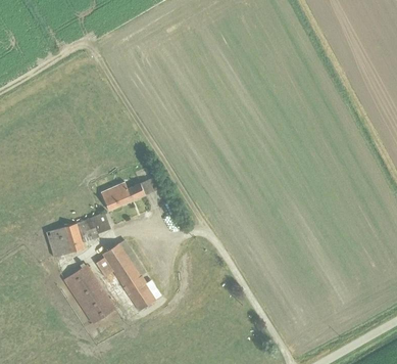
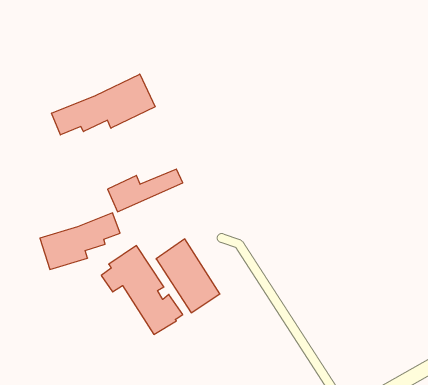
building: none -> [52,74,155,135]
building: [63,264,115,324] -> [156,239,220,313]

